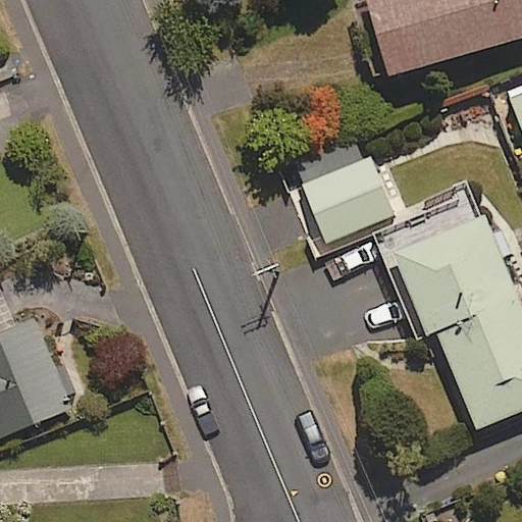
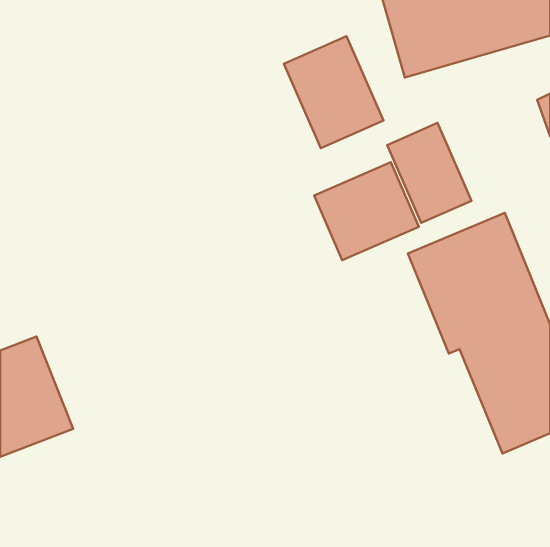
building: none -> [284,36,383,148]
building: none -> [387,123,472,223]

